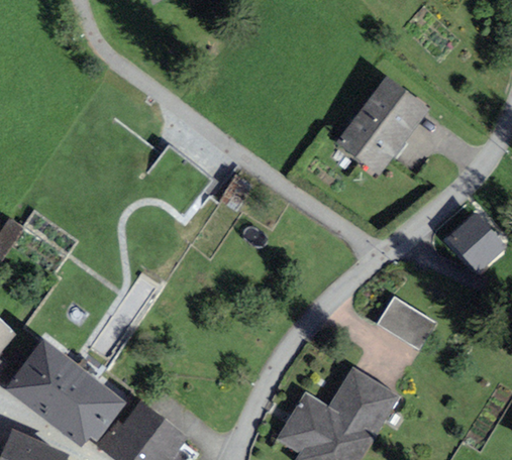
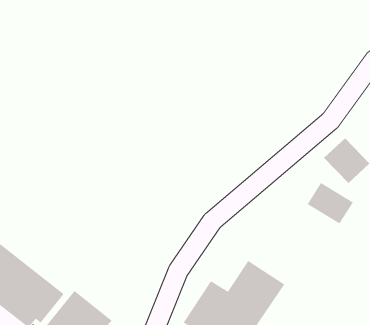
building: [335,78,430,177] -> none
building: [378,296,436,348] -> [307,182,354,224]

